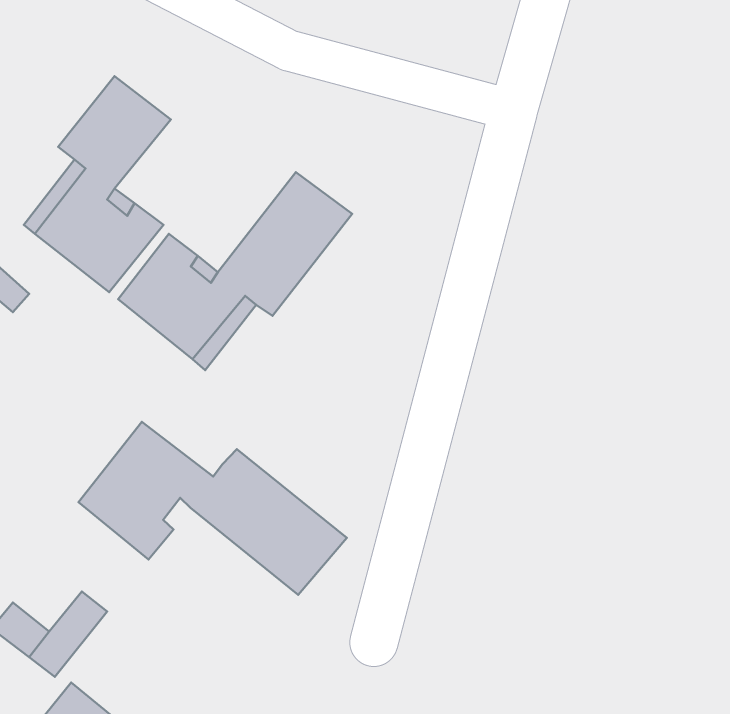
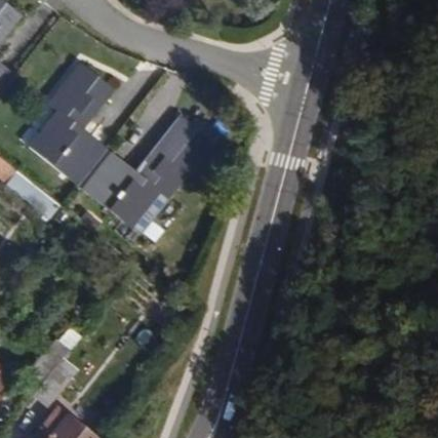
building: [78,422,347,595] -> none

